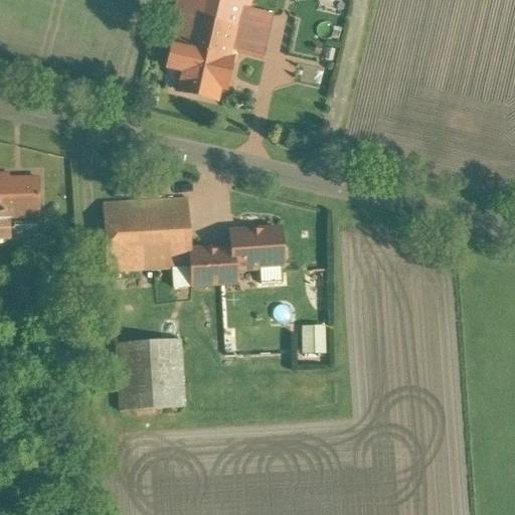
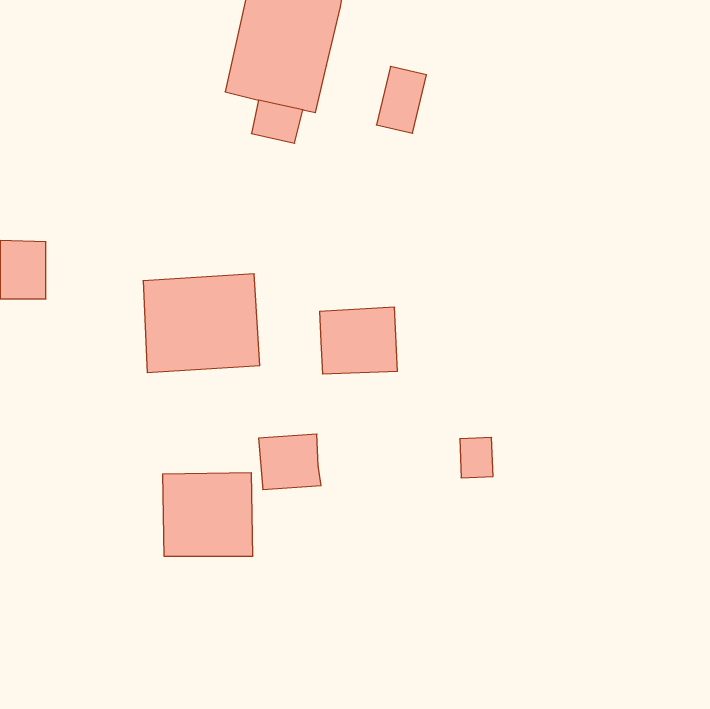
building: [236,5,273,53] -> [376,66,426,133]
building: [190,247,235,288] -> [259,434,321,490]
building: [303,324,327,353] -> [460,437,493,478]

